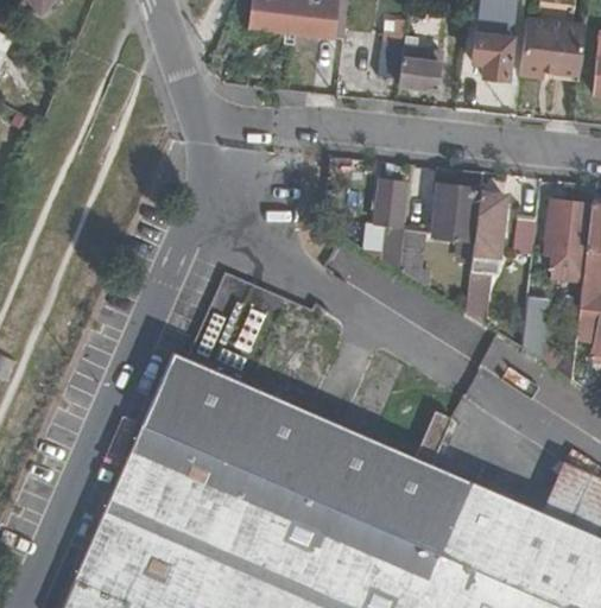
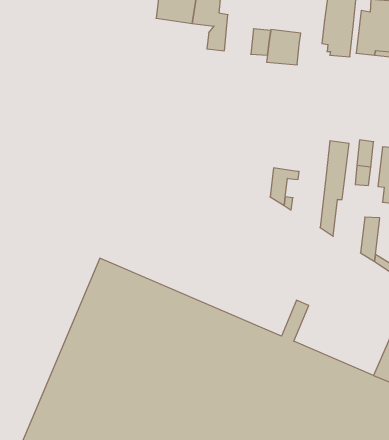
building: [378,182,412,272] -> none
building: [438,186,482,242] -> none

